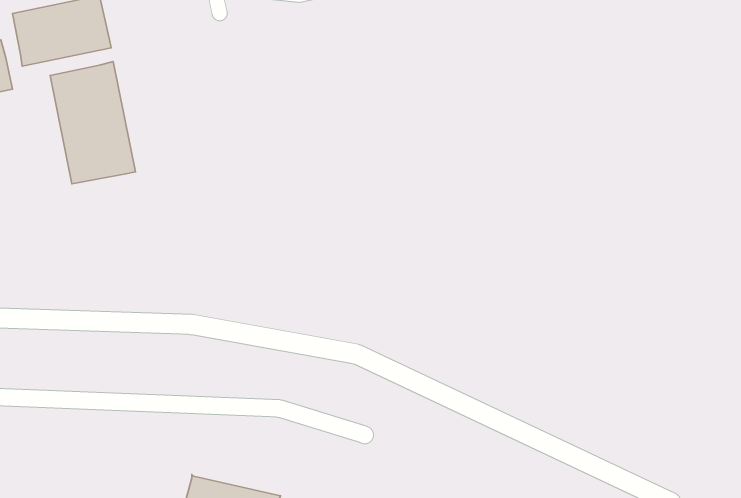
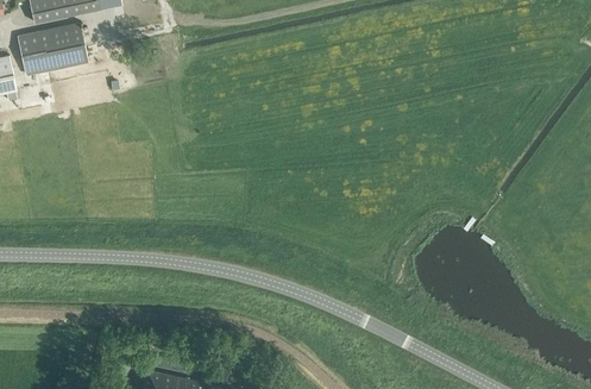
building: [50,61,136,184] -> none

